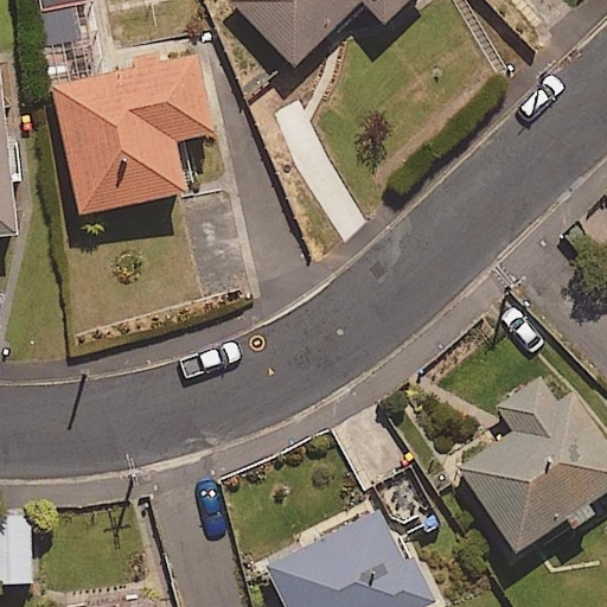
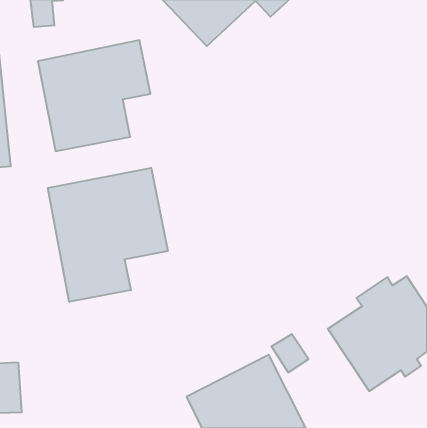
building: none -> [48,168,168,302]

